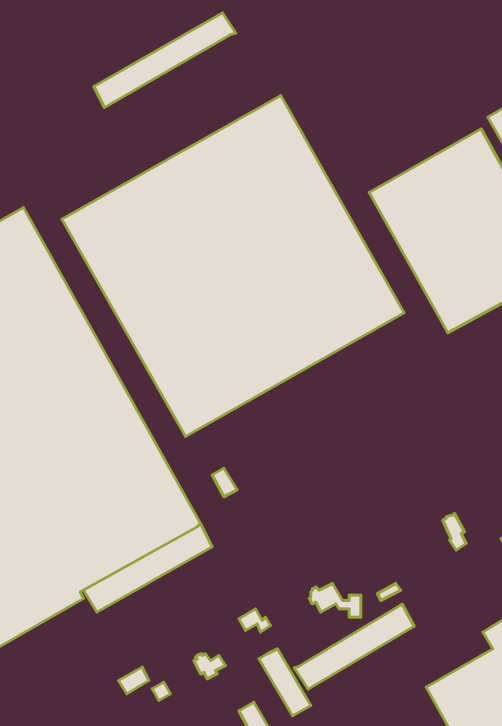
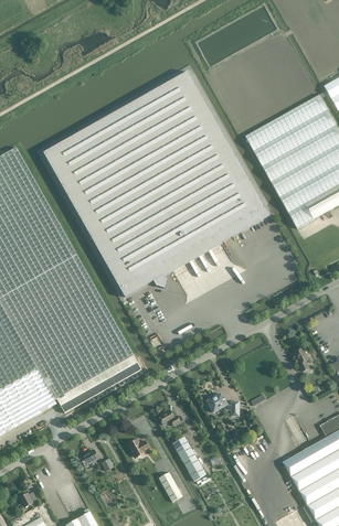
building: [94,13,236,107] -> none
building: [294,604,414,689] -> none

